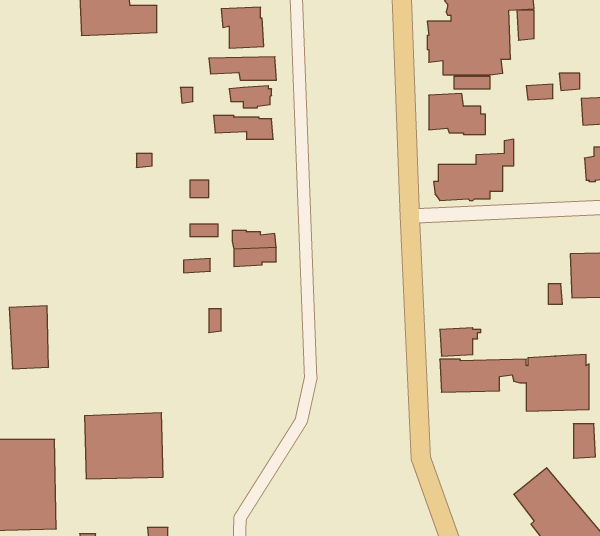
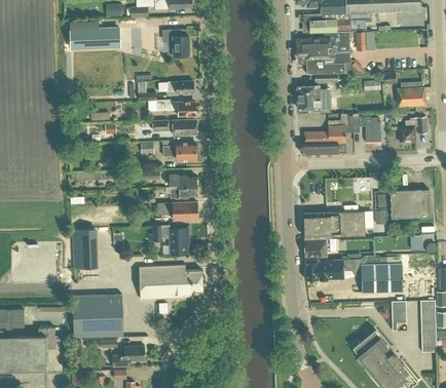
building: [209,57,276,80] -> [152,119,196,134]
building: none -> [352,115,380,142]
building: none -> [162,143,196,161]
building: none -> [157,201,198,220]
building: none -> [304,210,365,237]
building: [9,306,49,369] -> [72,228,98,269]
building: none -> [170,228,188,255]
building: none -> [139,264,201,299]
building: none -> [112,346,145,366]

